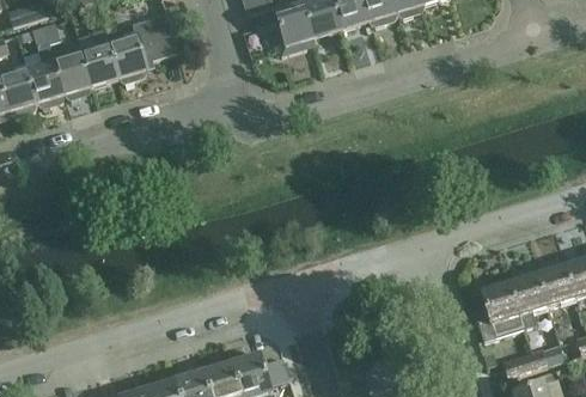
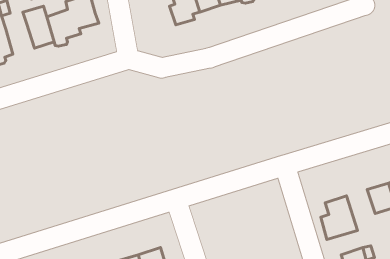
building: [54,51,92,99] -> none
building: [509,274,548,329] -> none

